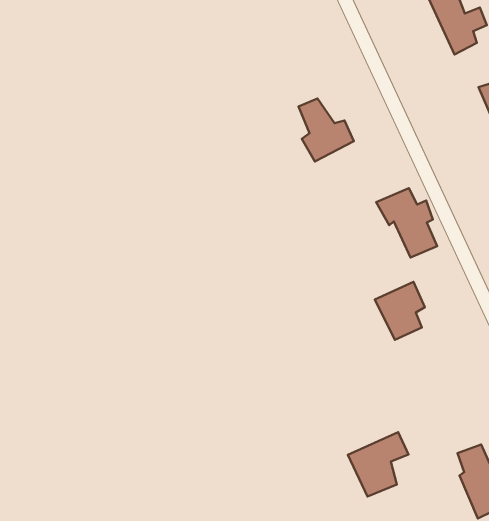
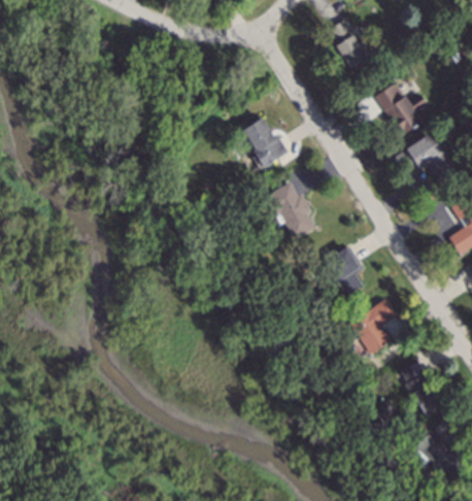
building: [376,188,437,257] -> [266,183,316,235]
building: [348,432,409,497] -> [349,301,395,353]

